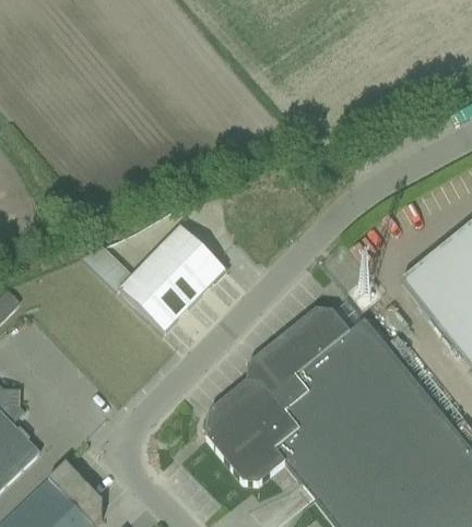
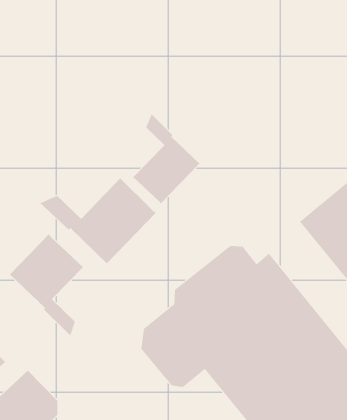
building: none -> [133,113,200,204]
building: none -> [9,234,84,336]

